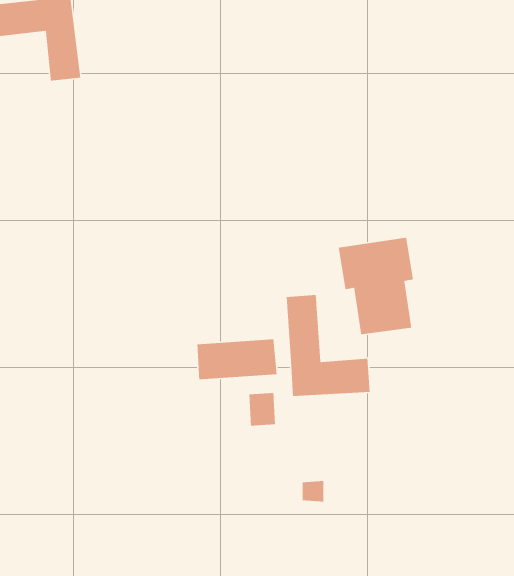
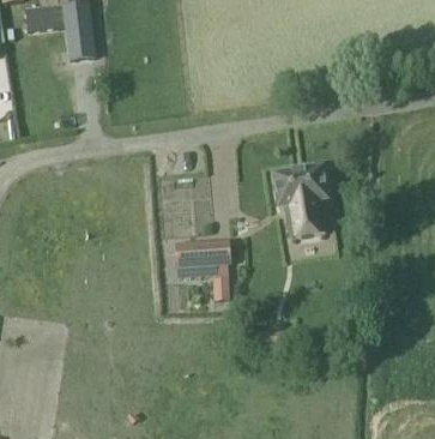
building: [286,294,371,397] -> none

